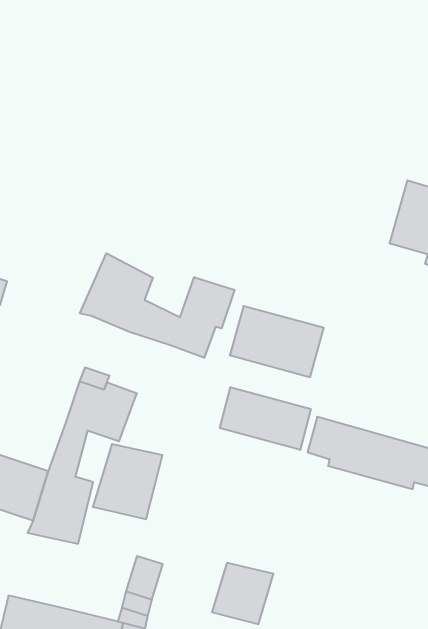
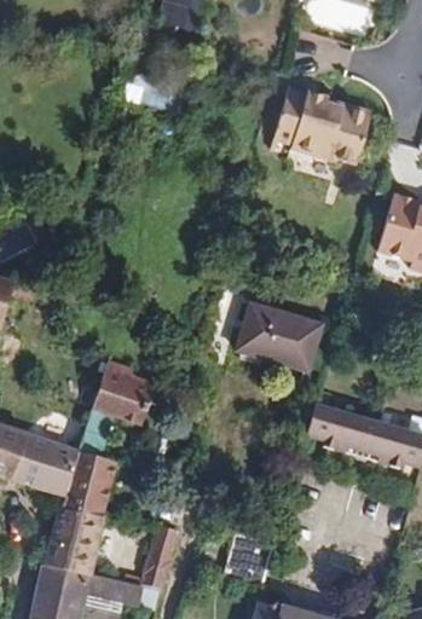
building: none -> [273,88,371,163]
building: [80,253,234,358] -> none
building: [220,387,311,450] -> none
building: [93,444,162,519] -> [41,505,103,572]

